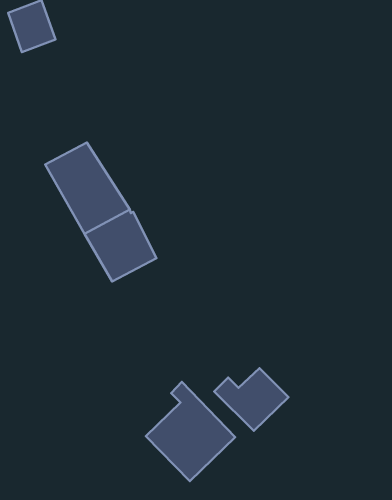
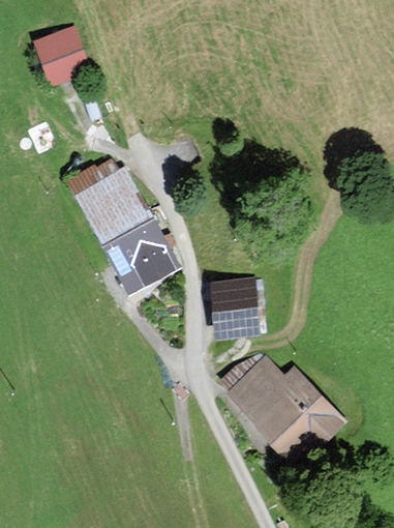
building: none -> [216,281,253,333]
building: [146,382,235,481] -> [259,369,338,458]

